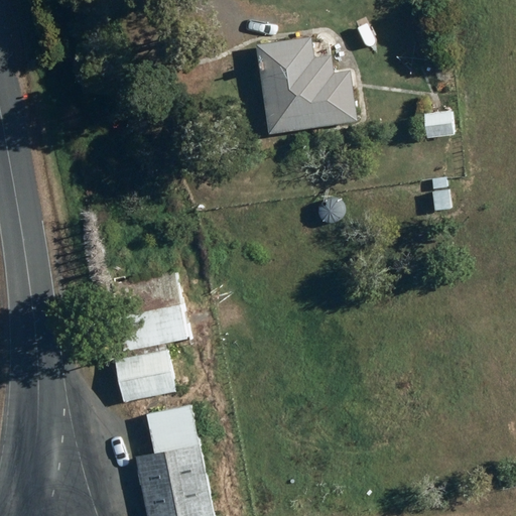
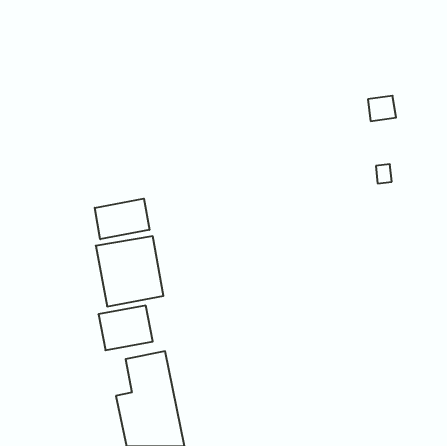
building: [253,36,358,135] -> none
building: none -> [95,199,149,239]

